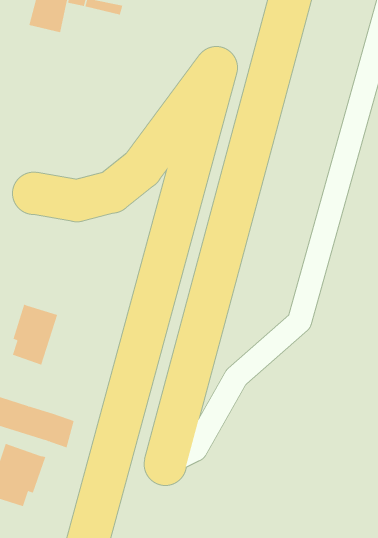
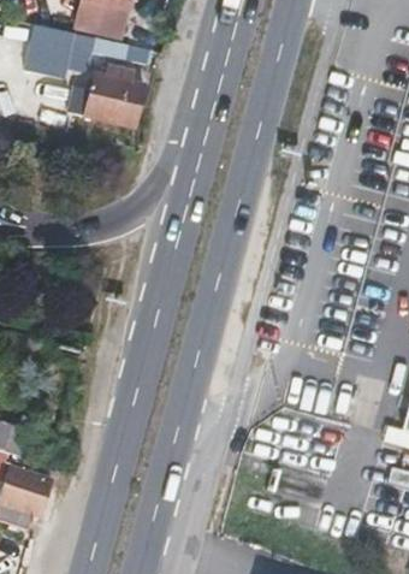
building: none -> [73,66,143,125]
building: [12,304,58,365] -> none

